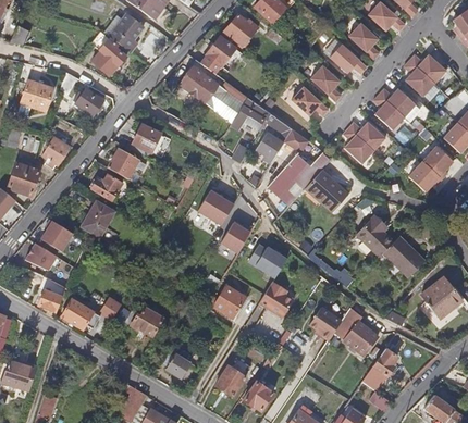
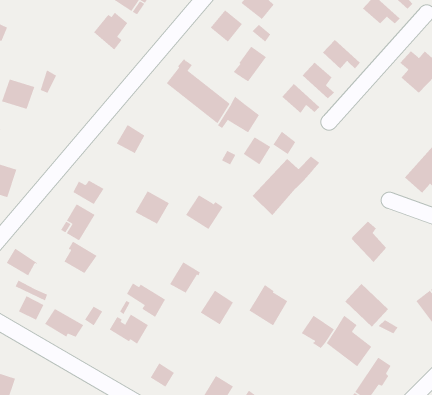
building: [349,21,380,58] -> none
building: [91,30,126,74] -> none
building: [200,38,233,73] -> [233,46,267,82]
building: [75,87,103,115] -> none
building: [374,87,417,128] -> none
building: [344,121,386,162] -> none
building: [45,135,71,166] -> none
building: [107,148,140,181] -> [135,191,170,225]
building: [306,169,348,207] -> none
building: [41,220,74,251] -> [63,241,97,274]
building: [220,220,250,250] -> [169,262,201,293]
building: [383,236,426,278] -> [345,283,389,327]
building: [250,245,287,277] -> none
building: none -> [126,282,166,318]

